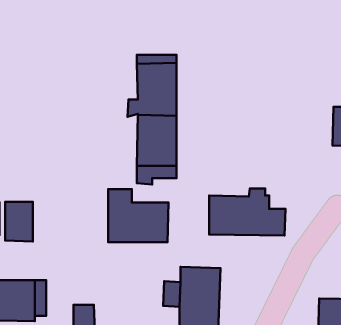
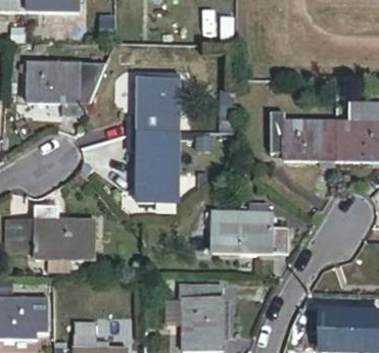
building: none -> [28,61,105,111]
building: none -> [270,113,335,161]
building: [108,189,168,242] -> [34,203,94,256]

